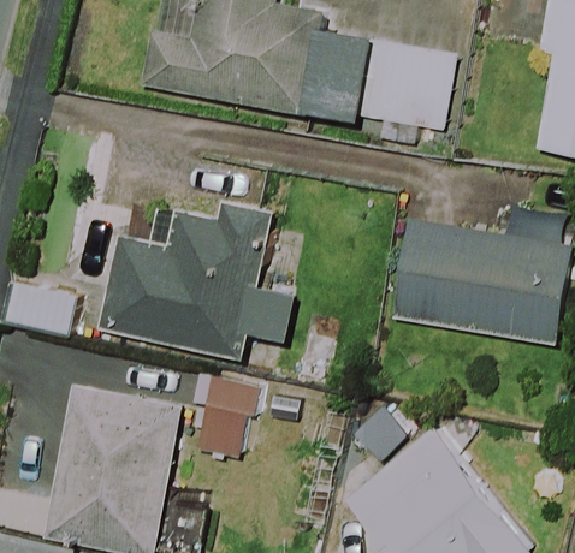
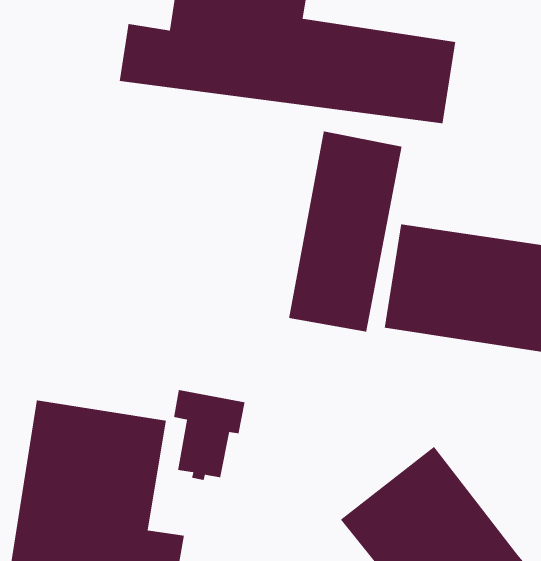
building: none -> [288,131,402,332]
building: [95,200,298,359] -> none

